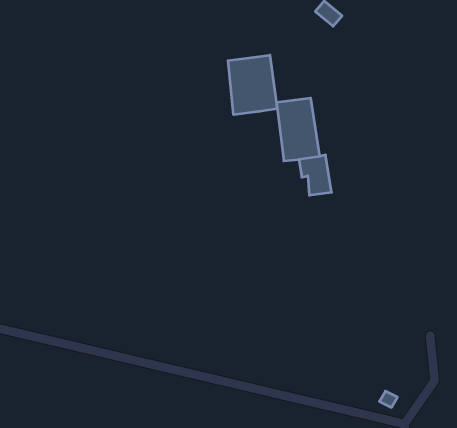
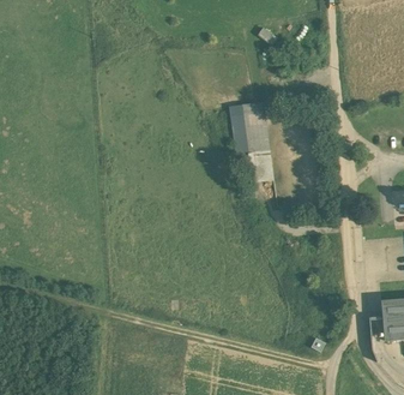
building: [228,55,277,115] -> none

